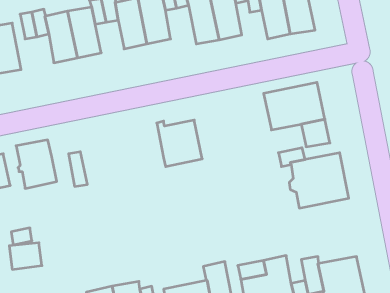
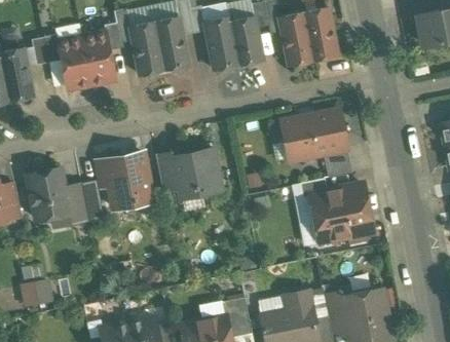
building: none -> [96,152,150,205]
building: none -> [155,152,180,191]
building: none -> [64,184,88,223]

